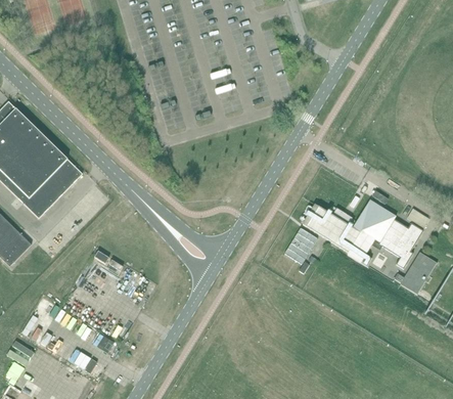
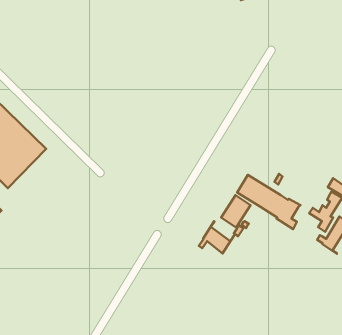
building: [353,198,409,247] -> none
building: none -> [199,221,234,254]

